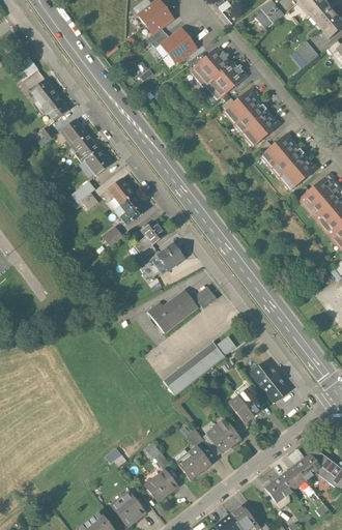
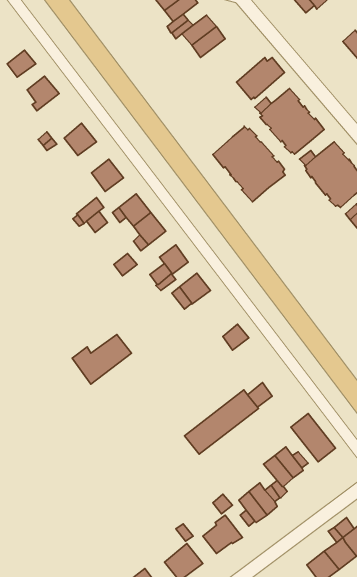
building: [192,47,230,85] -> none
building: [39,93,69,120] -> none
building: none -> [213,126,285,202]
building: [74,134,99,163] -> none
building: [148,290,198,331] -> [72,334,132,384]

